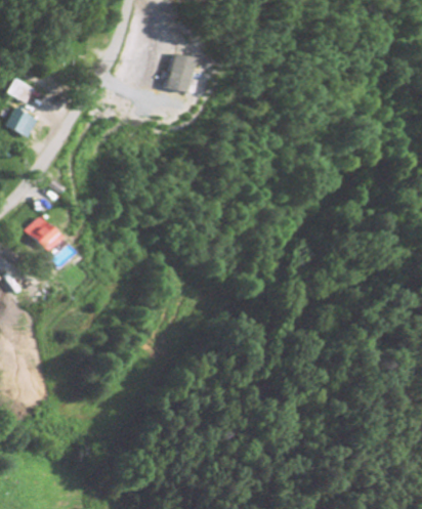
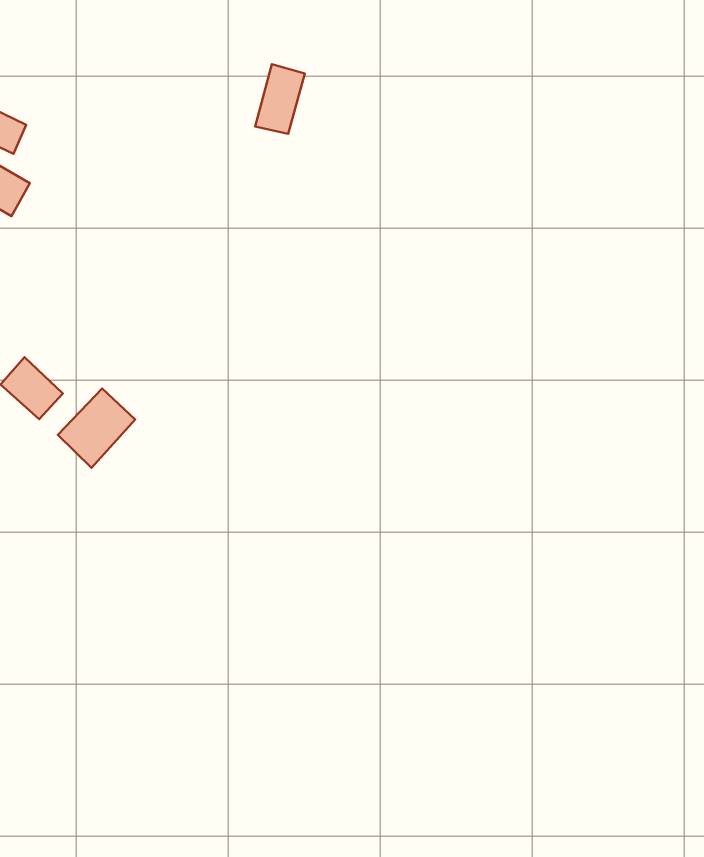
building: none -> [58,389,135,468]

